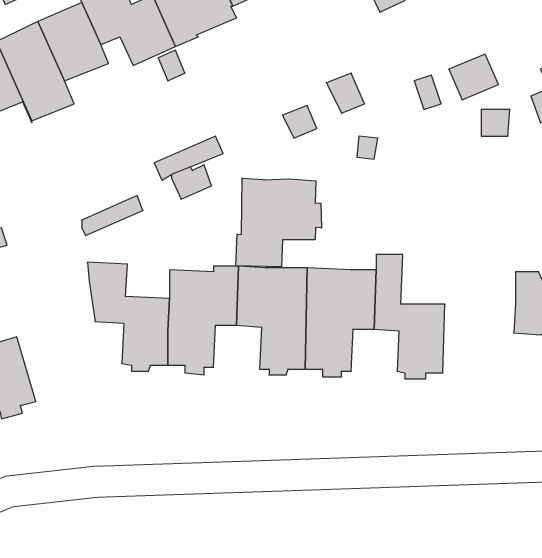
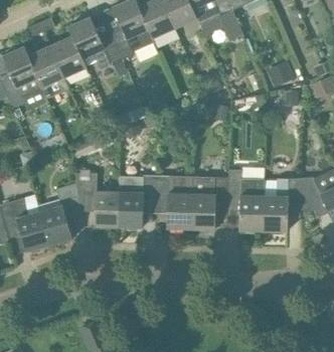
building: [236,178,321,267] -> none
building: none -> [263,177,301,235]
building: none -> [38,182,80,246]

